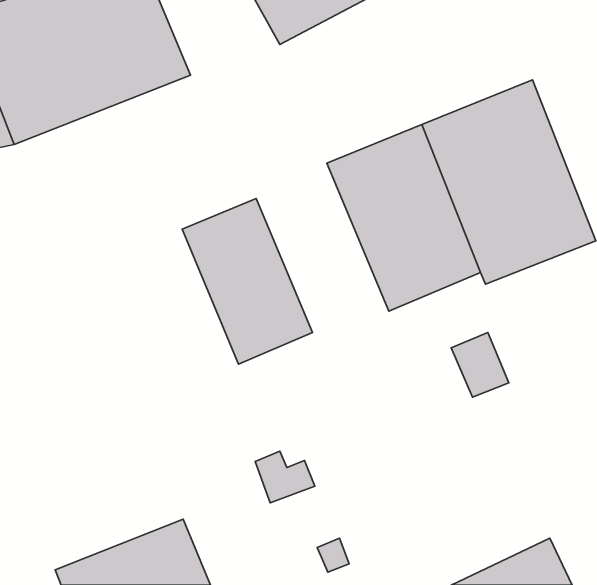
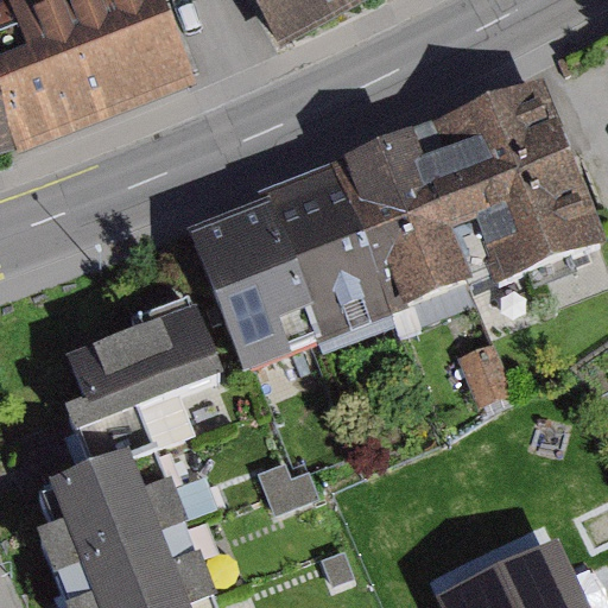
building: none -> [258,165,393,344]
building: none -> [70,308,222,424]
building: none -> [39,449,185,576]

